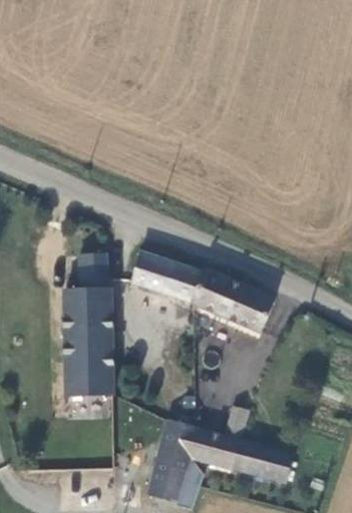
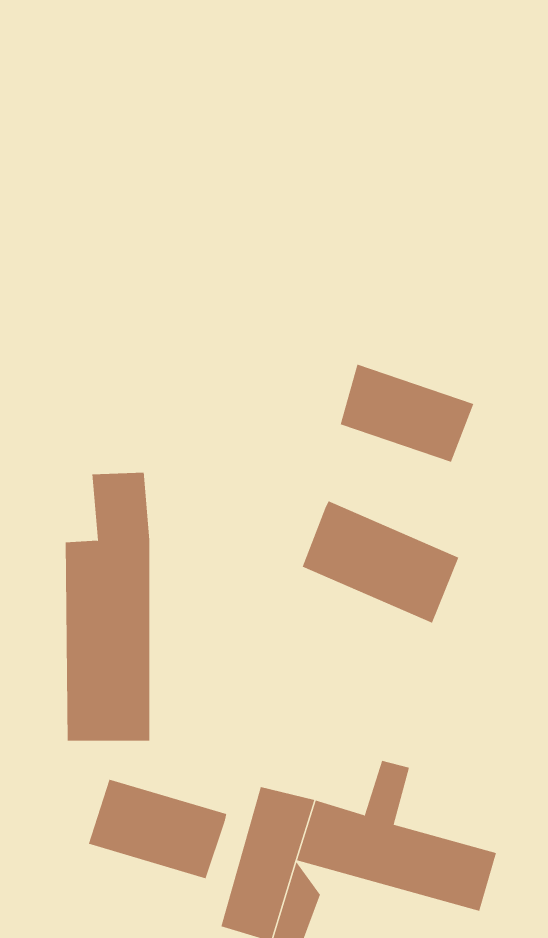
building: [132,251,204,304] -> [340,364,474,462]
building: none -> [88,779,227,879]

